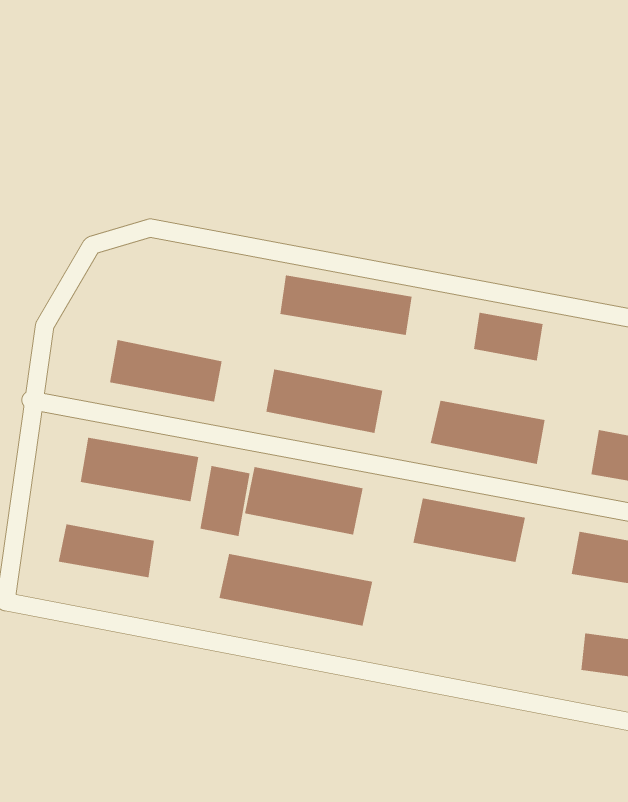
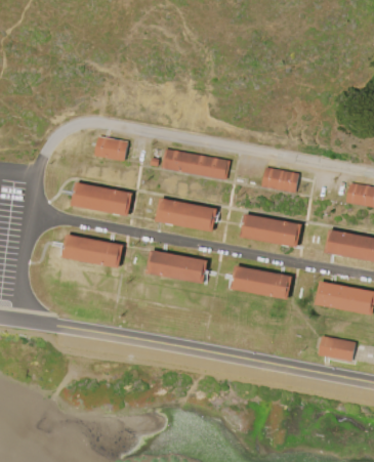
building: none -> [94,136,128,161]
building: [200,465,250,537] -> none
building: [58,523,155,578] -> none
building: [219,553,373,627] -> none

